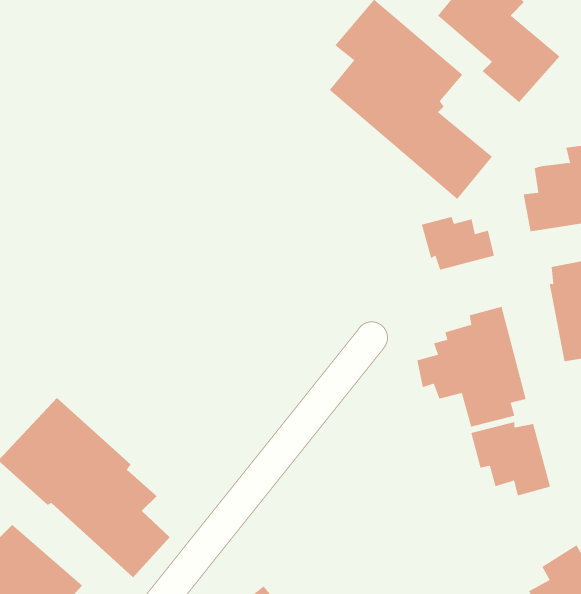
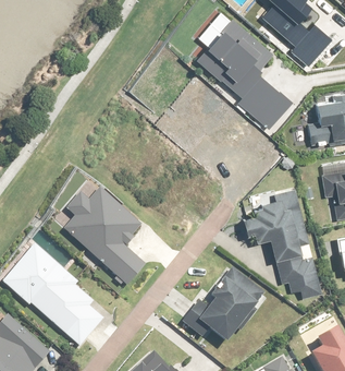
building: [421,216,495,270] -> none
building: none -> [64,187,146,284]
building: none -> [183,267,264,343]

